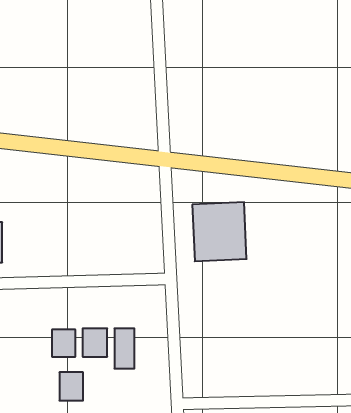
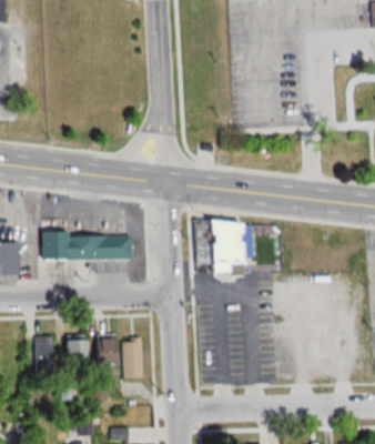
building: none -> [41,234,131,259]
building: [59,372,83,401] -> [34,337,57,364]

